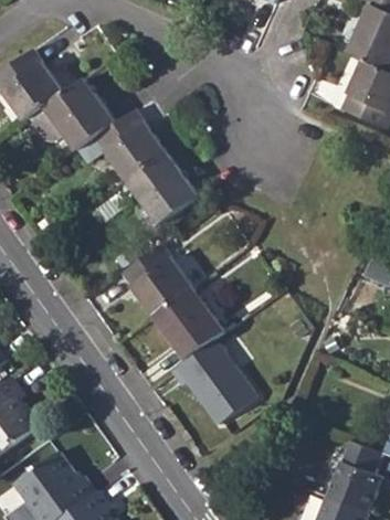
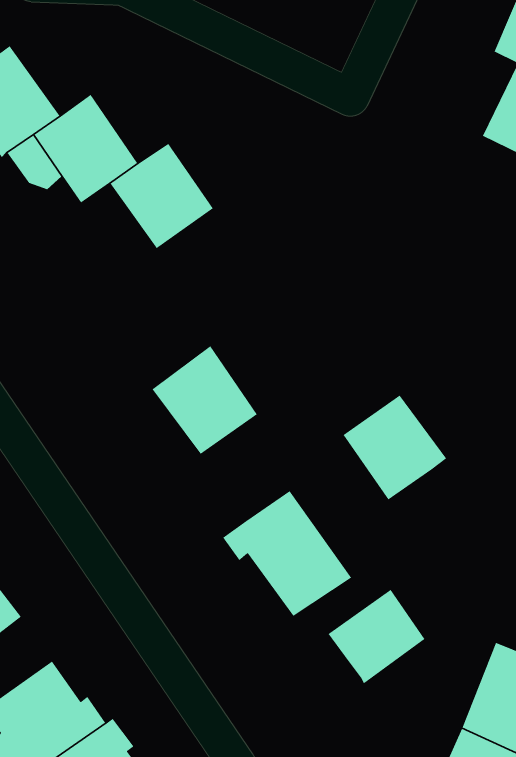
building: [127,155,197,225] -> none
building: [156,289,224,359] -> [343,394,447,501]
building: none -> [327,589,425,685]

